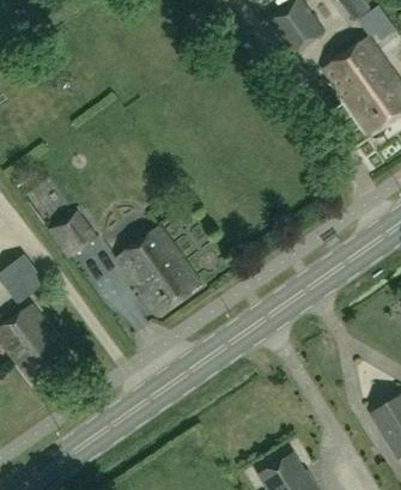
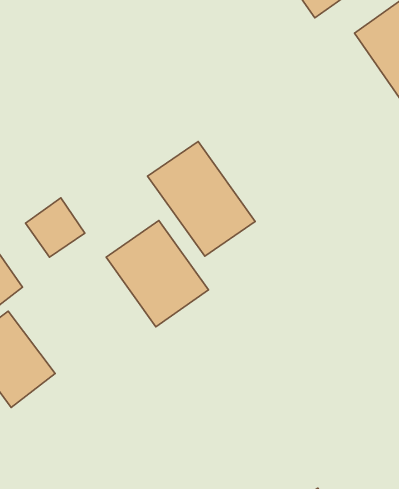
building: none -> [148,142,255,256]

